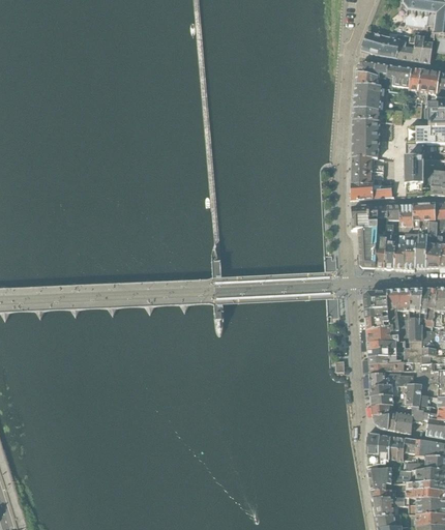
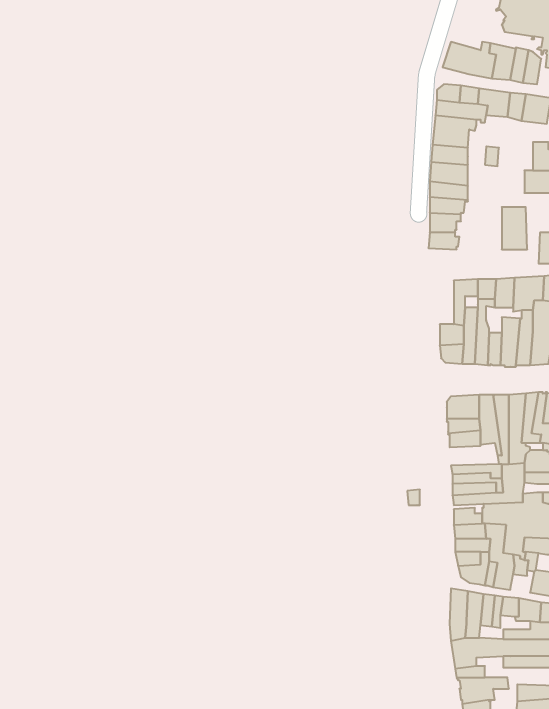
building: [352,183,393,200] -> none
building: [352,207,370,239] -> none
building: [367,326,404,343] -> none

